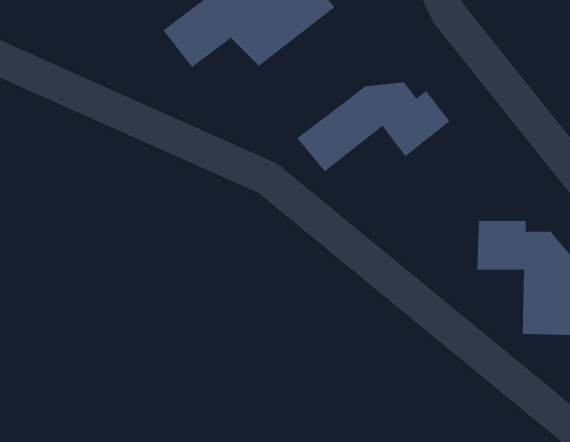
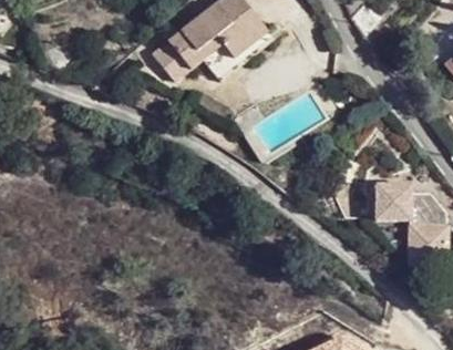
building: [297,81,450,172] -> none

